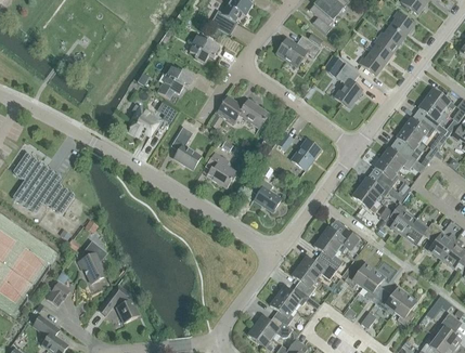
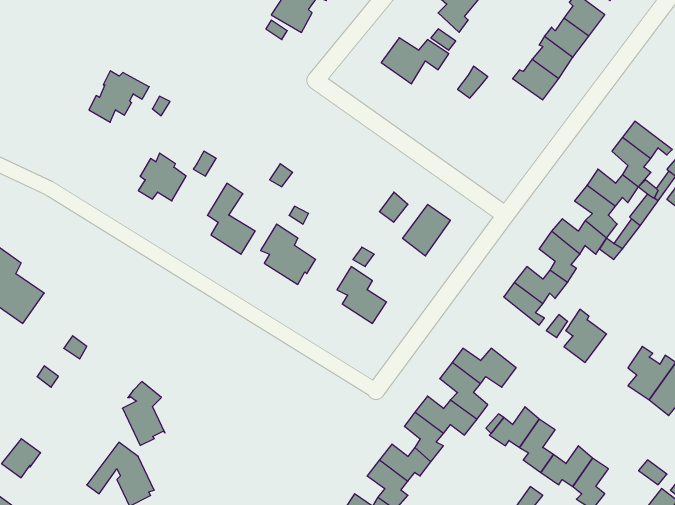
building: [189,35,219,62] -> none
building: [334,64,362,107] -> none
building: [157,66,194,97] -> [89,71,149,122]
building: [217,95,269,127] -> none
building: [402,218,437,245] -> none
building: [80,244,106,283] -> [122,382,165,445]

